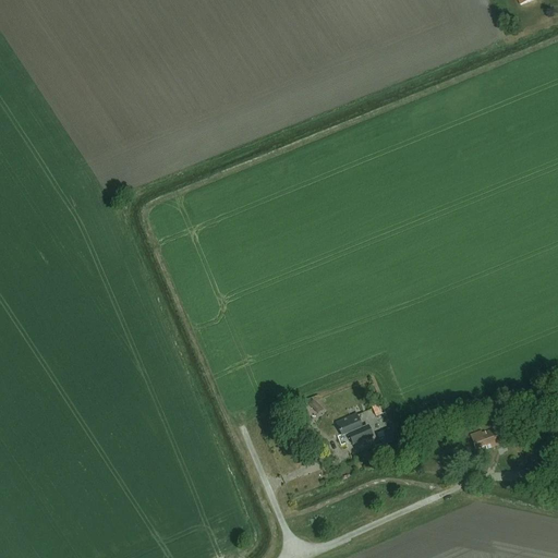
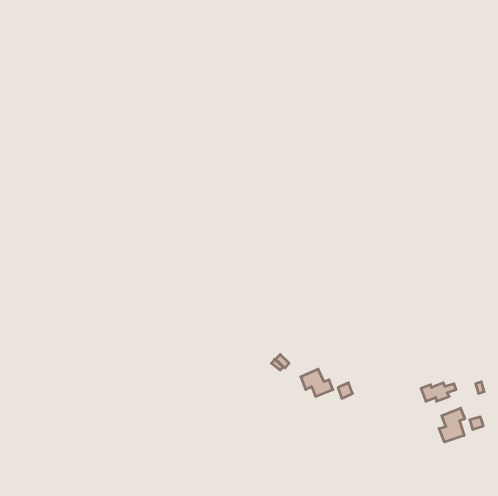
building: none -> [439,408,465,442]

